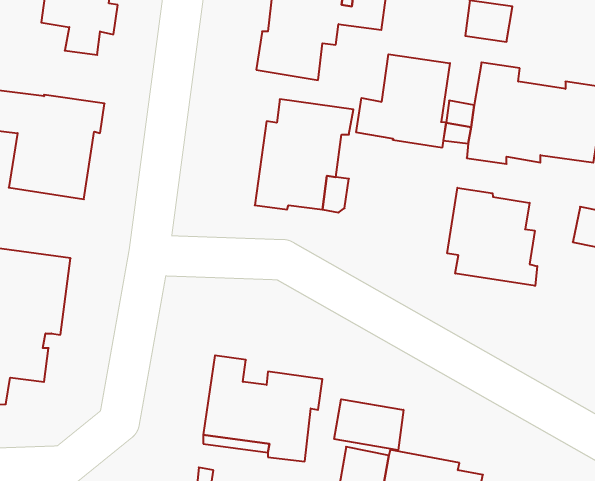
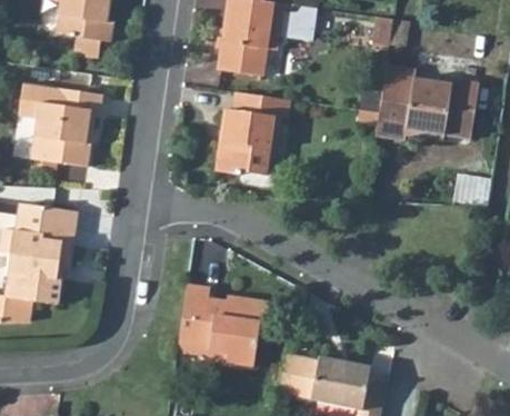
building: [356,54,450,148] -> none
building: [447,188,537,286] -> none
building: [334,399,403,450] -> none

